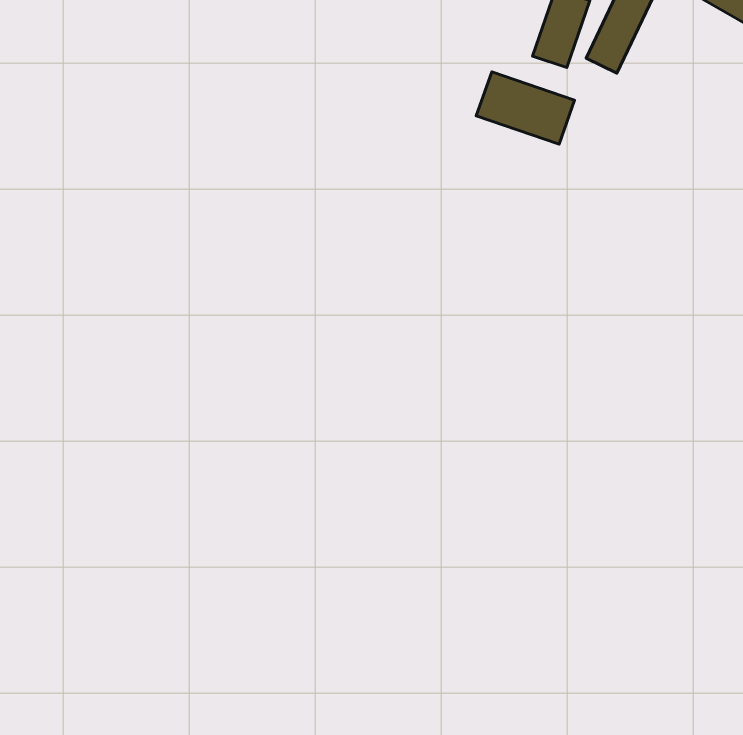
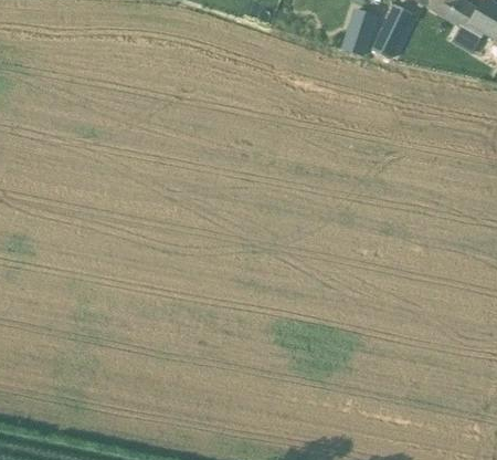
building: [476,72,575,144] -> none

